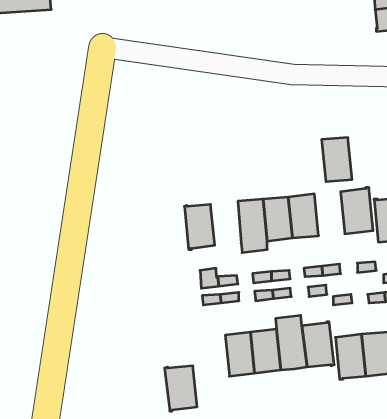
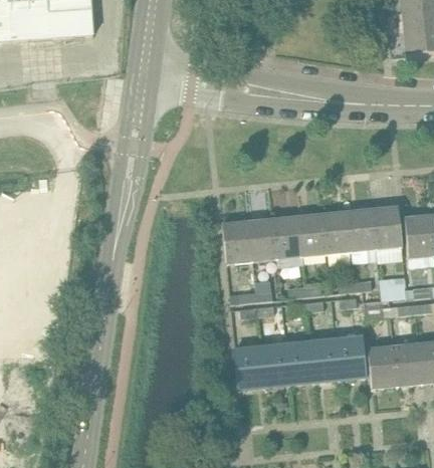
building: [322,138,352,182] -> [346,209,375,251]
building: none -> [246,218,275,260]
building: [165,366,197,411] -> [233,346,264,390]

